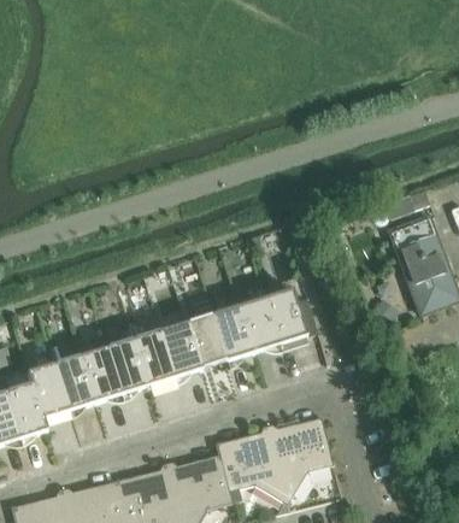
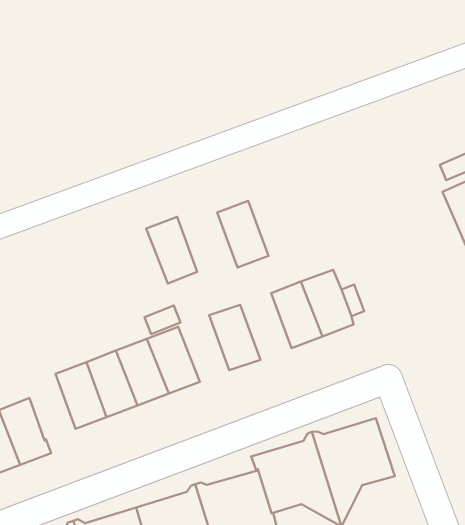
building: [212,307,253,363] -> [217,201,268,268]
building: [159,323,200,378] -> [146,217,197,283]
building: [27,365,69,421] -> none

